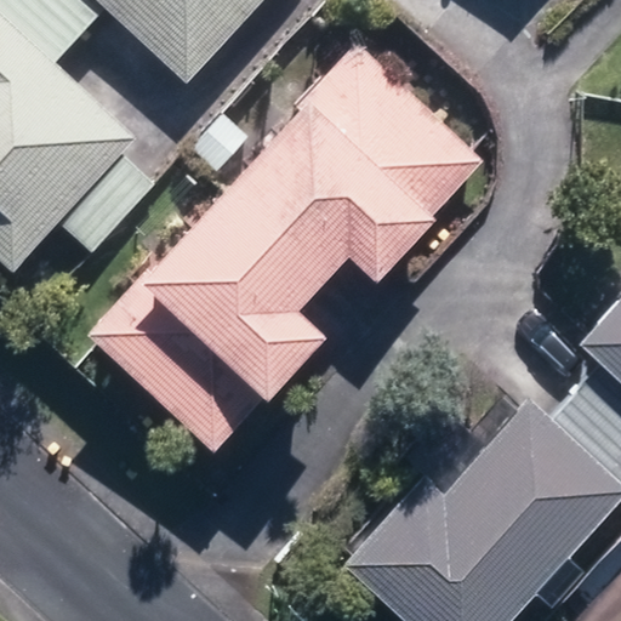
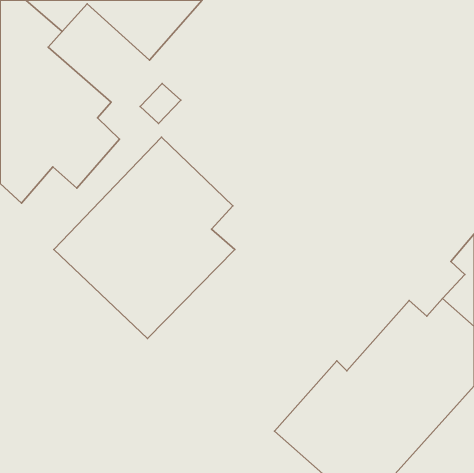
building: [211,39,452,274] -> none

